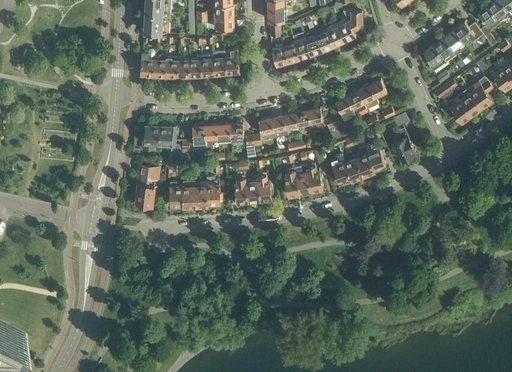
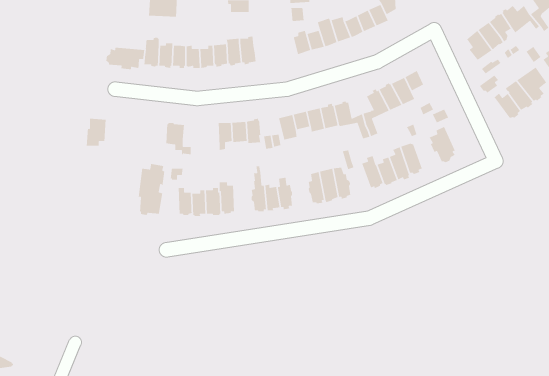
building: none -> [106,47,145,70]
building: [181,123,205,151] -> none
building: [141,124,159,149] -> [86,118,106,146]

